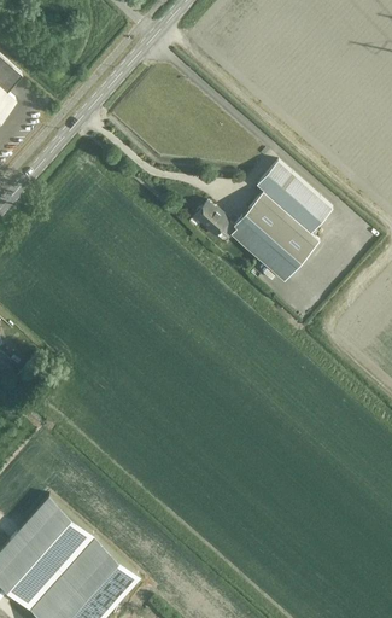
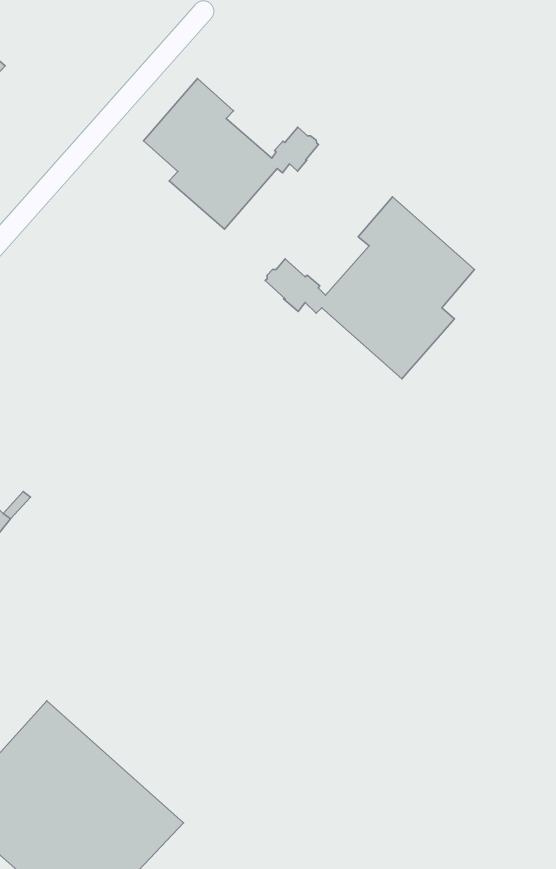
building: none -> [143,79,319,229]

